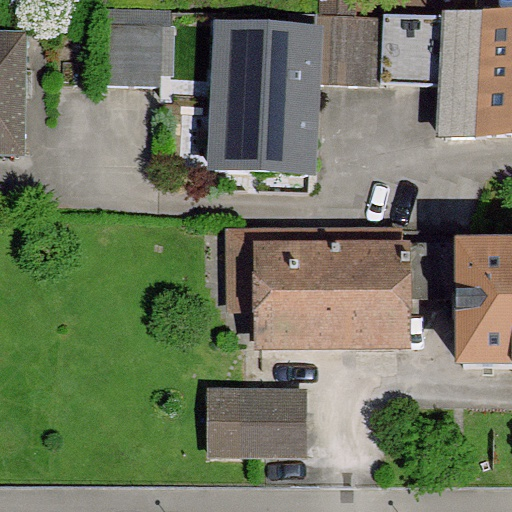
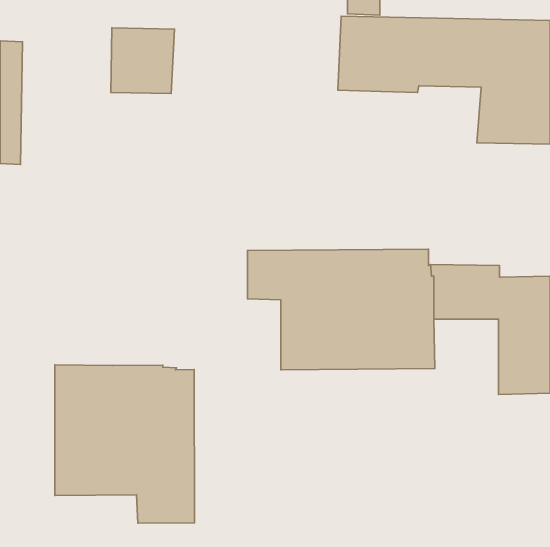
building: [215,15,317,176] -> none
building: none -> [55,365,194,523]
building: [211,393,304,456] -> none

